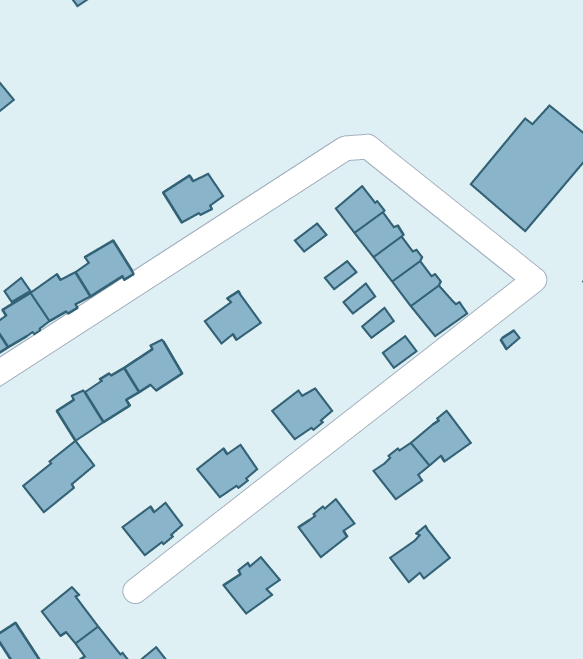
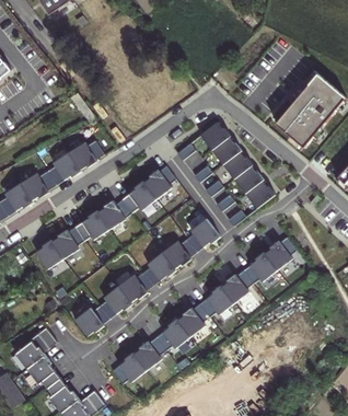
building: [163,174,223,222] -> [69,141,104,170]
building: none -> [143,165,176,200]
building: none -> [98,199,132,230]
building: none -> [187,218,220,252]
building: none -> [265,236,298,270]
building: none -> [143,252,176,286]
building: [23,441,94,512] -> [15,327,57,369]
building: none -> [100,286,132,319]
building: none -> [155,319,190,350]
building: [390,526,450,582] -> [199,285,234,317]
building: none -> [111,353,147,384]

